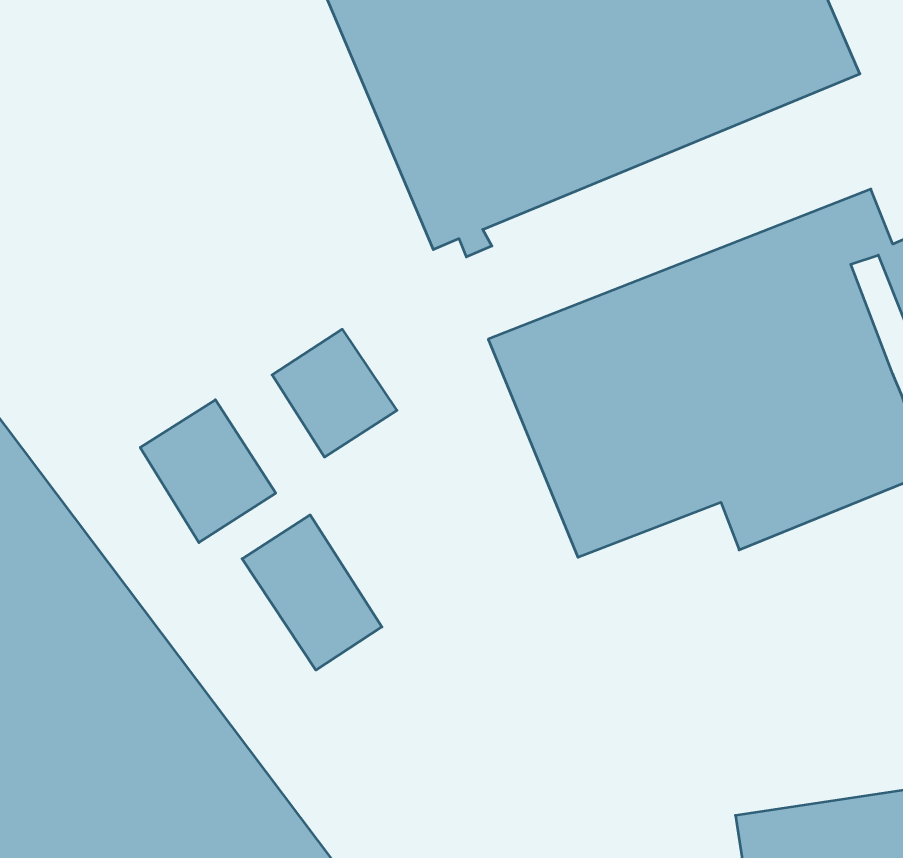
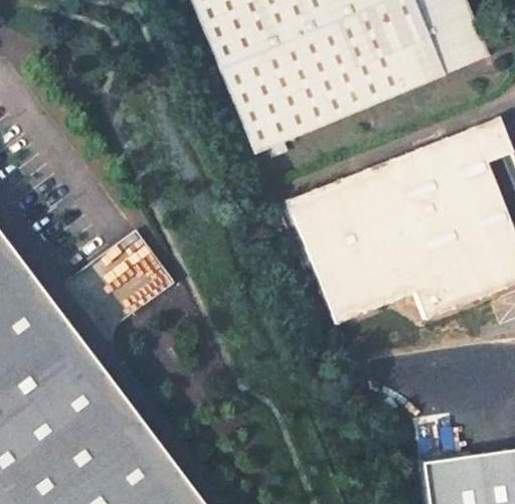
building: [272,329,397,457] -> none
building: [242,515,382,670] -> none

